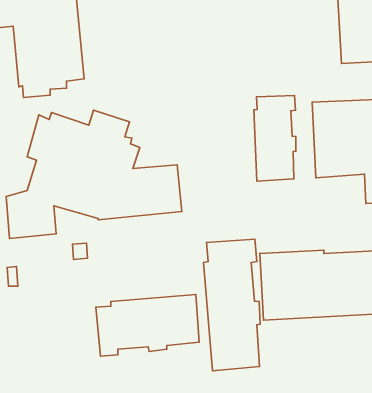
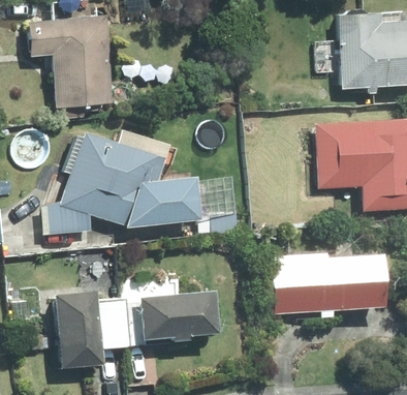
building: [254,96,296,181] -> none
building: [204,239,260,371] -> none
building: none -> [53,290,126,367]

